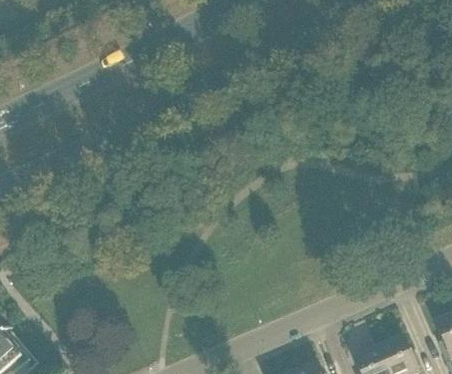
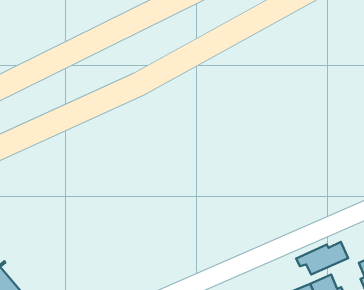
building: none -> [296,242,348,275]

